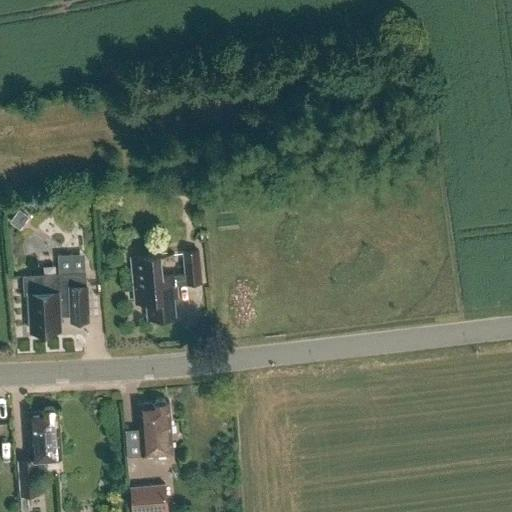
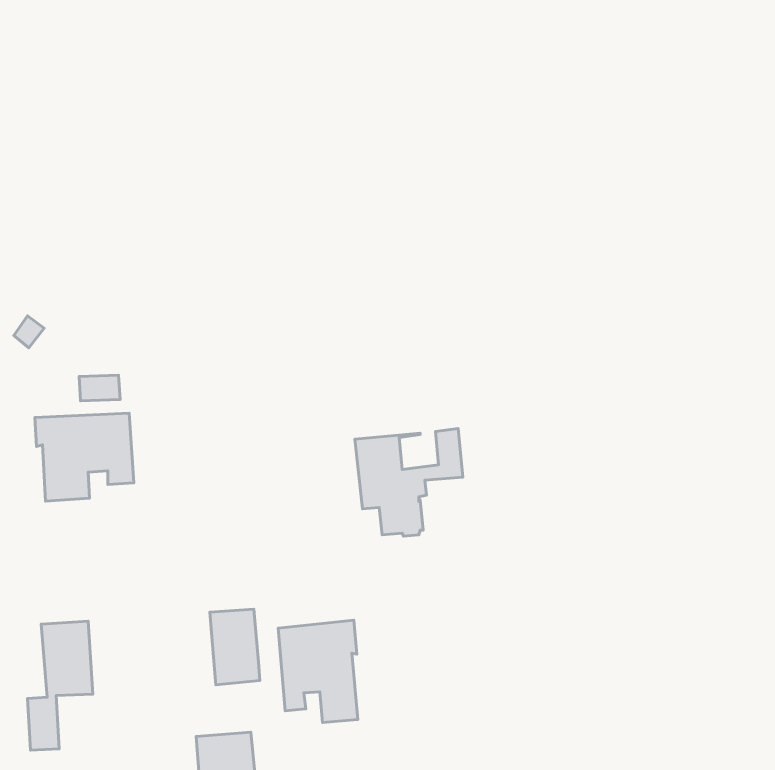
building: [131,252,202,323] -> [355,428,463,536]
building: none -> [278,620,358,722]

